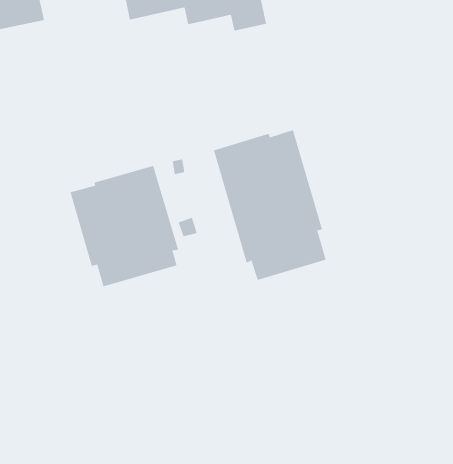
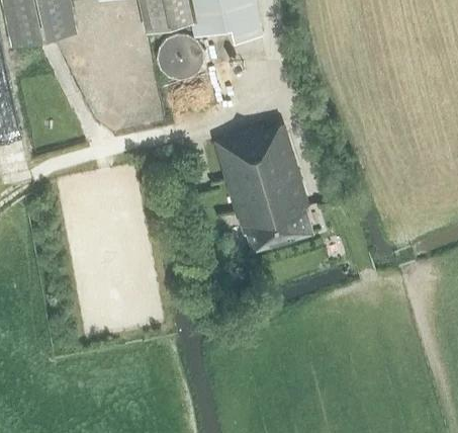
building: none -> [157,33,203,79]
building: [70,165,179,287] -> none

